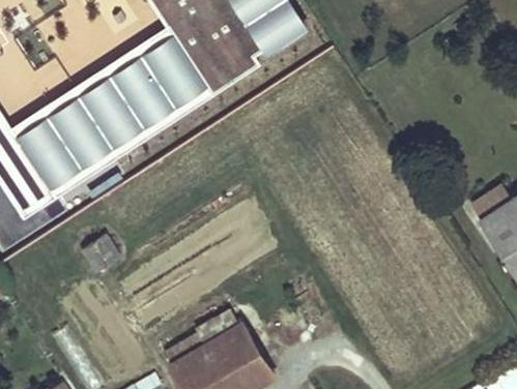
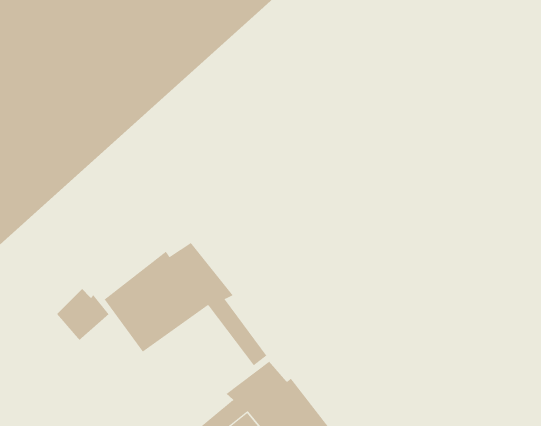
building: none -> [104,242,267,366]

